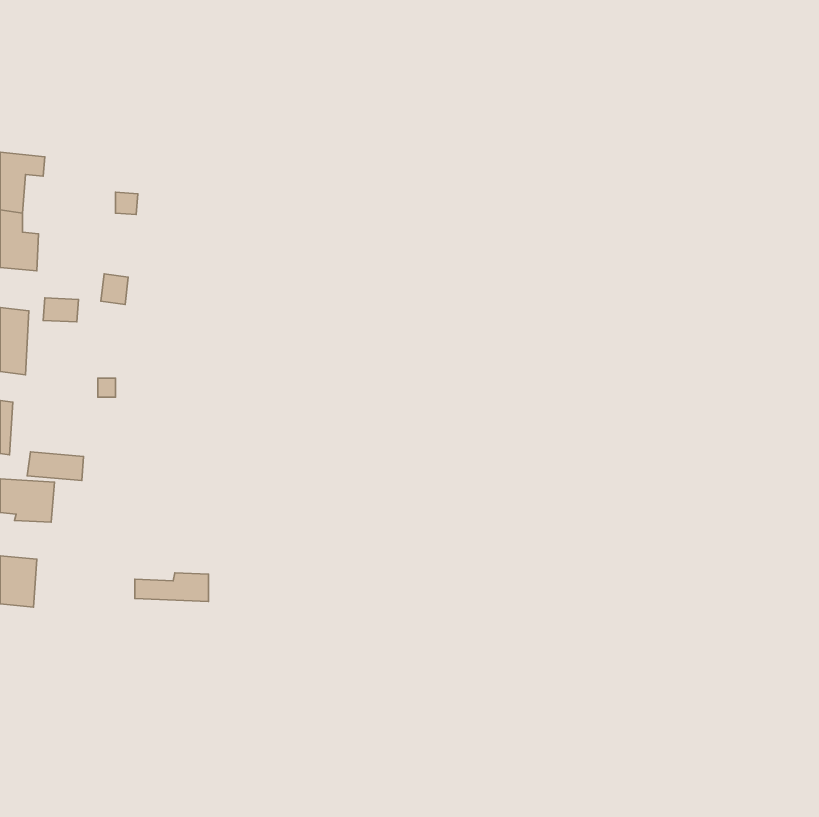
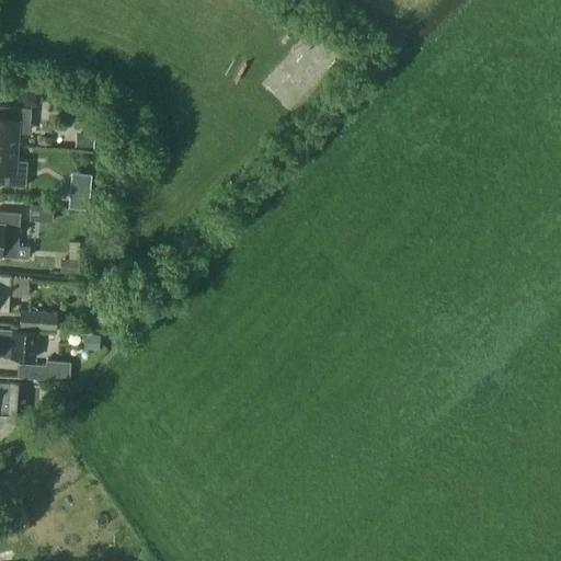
building: [135,573,208,602] -> [19,360,69,380]

